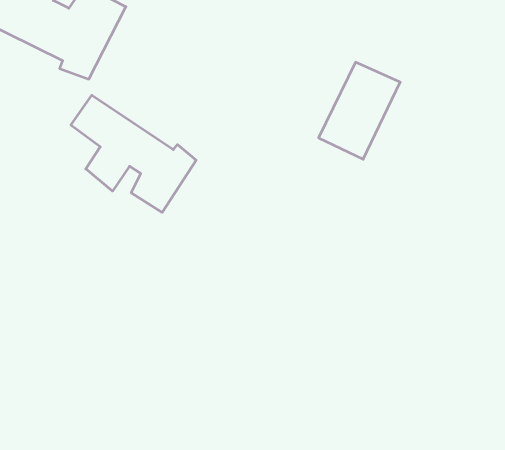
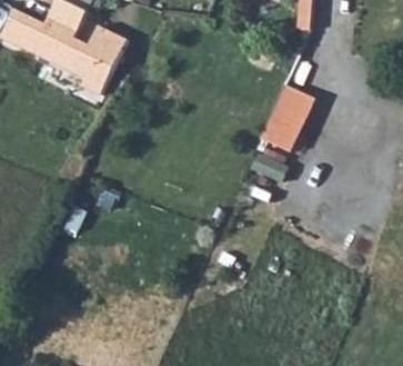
building: [71,95,196,212] -> none

